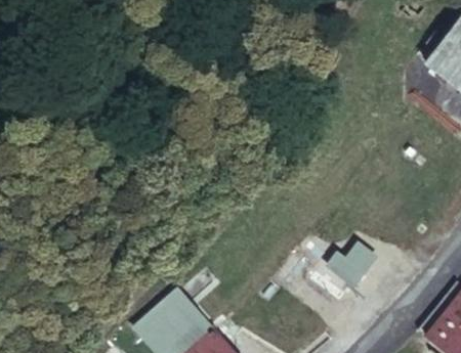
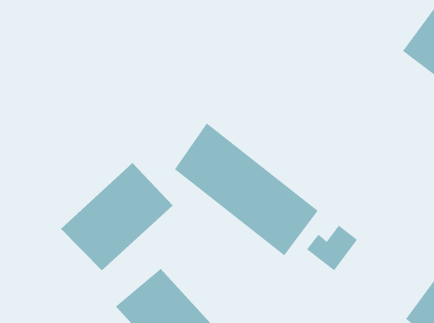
building: none -> [174,123,318,256]
building: none -> [60,162,173,271]

